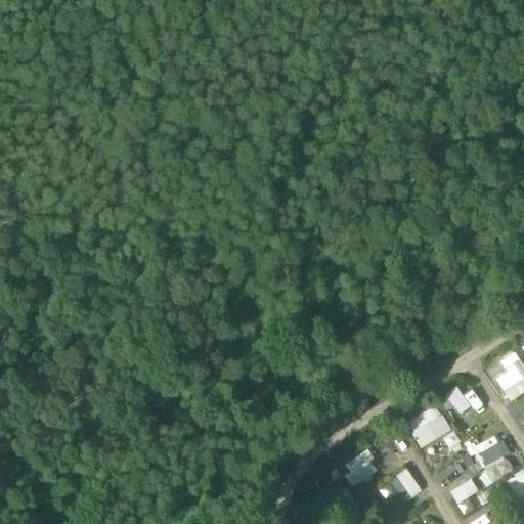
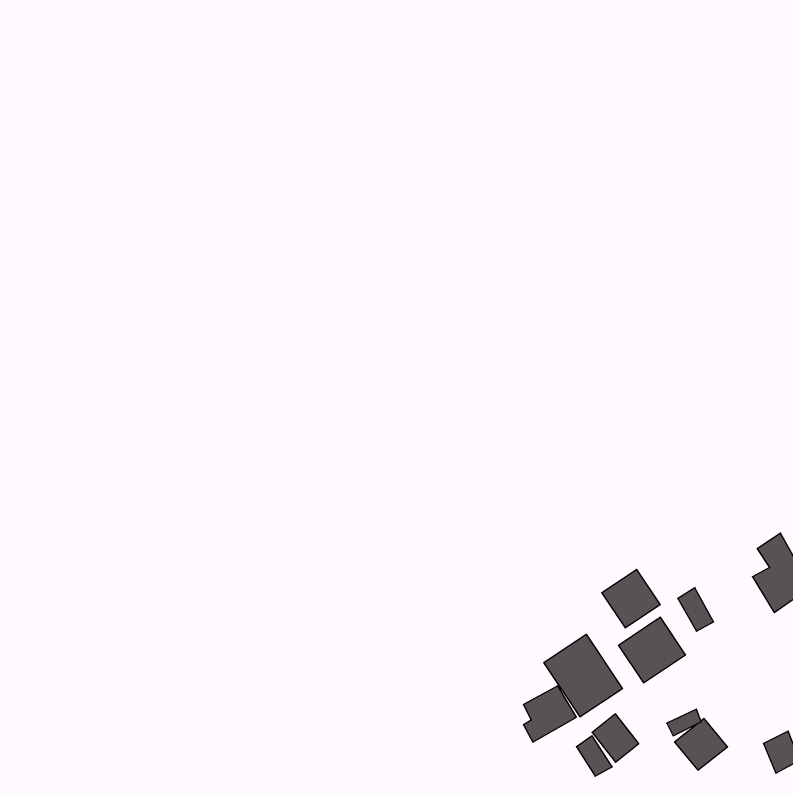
building: none -> [602,569,660,628]
building: none -> [544,634,622,717]
building: [472,434,512,471] -> none

